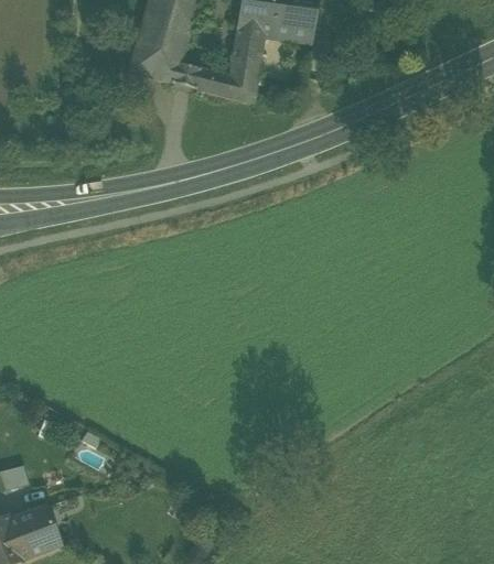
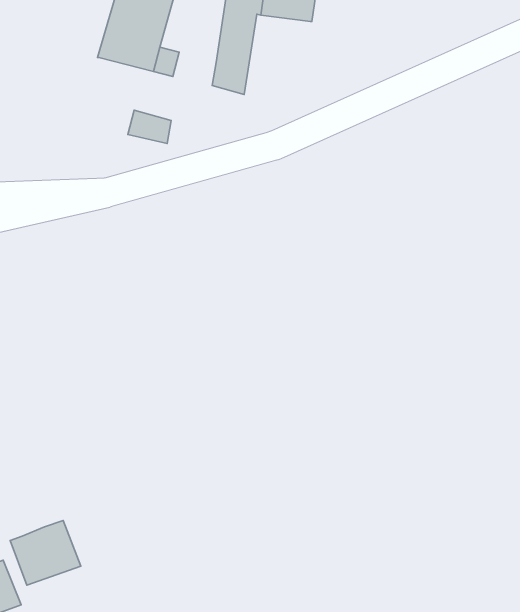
building: [192,66,229,95] -> [128,110,171,143]
building: none -> [10,521,81,585]

